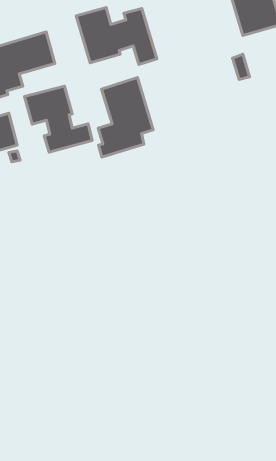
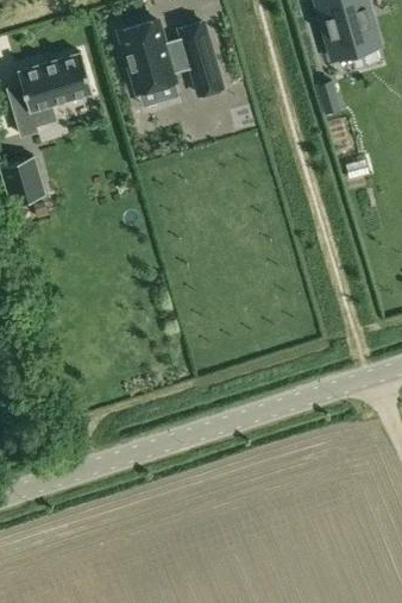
building: [98,77,153,157] -> none
building: [24,86,92,152] -> none

